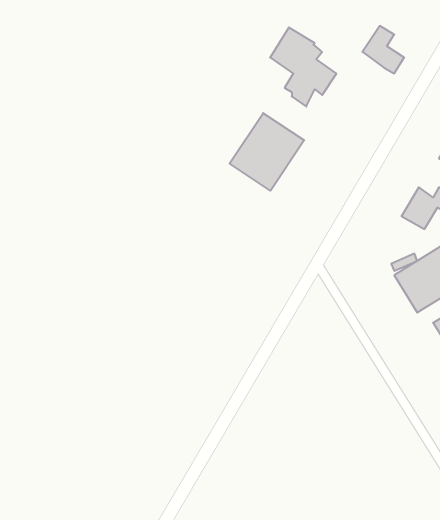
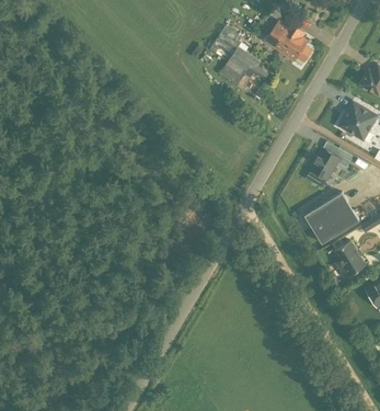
building: none -> [263,16,297,61]
building: [230,113,304,191] -> none

